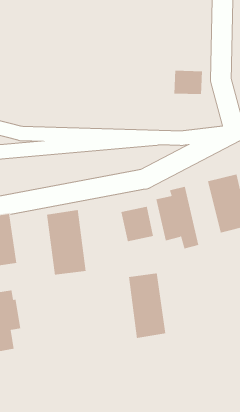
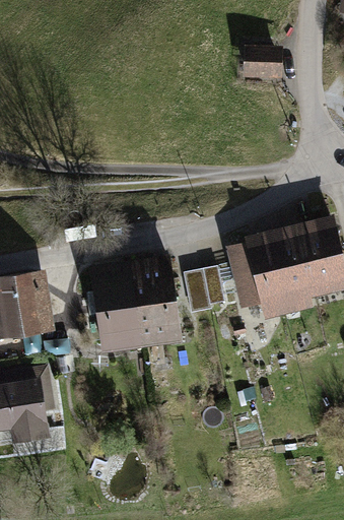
building: [174,70,203,95] -> [244,49,280,79]
building: none -> [266,230,312,310]
building: [128,273,166,339] -> [132,260,180,342]

